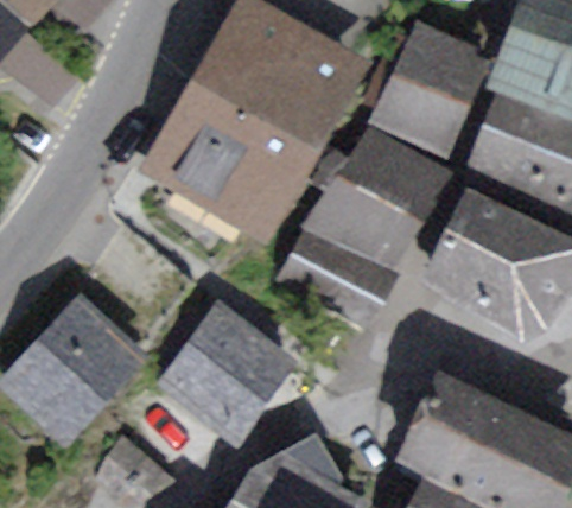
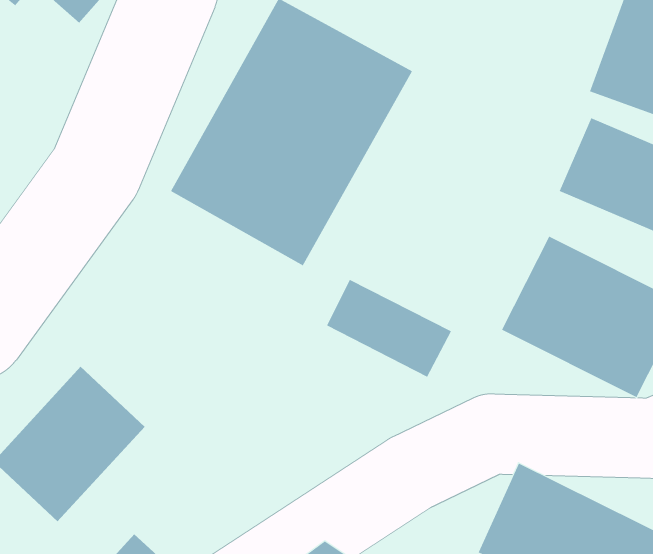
building: [381,28,485,145] -> none
building: [320,132,439,256] -> none
building: [167,309,286,430] -> none

